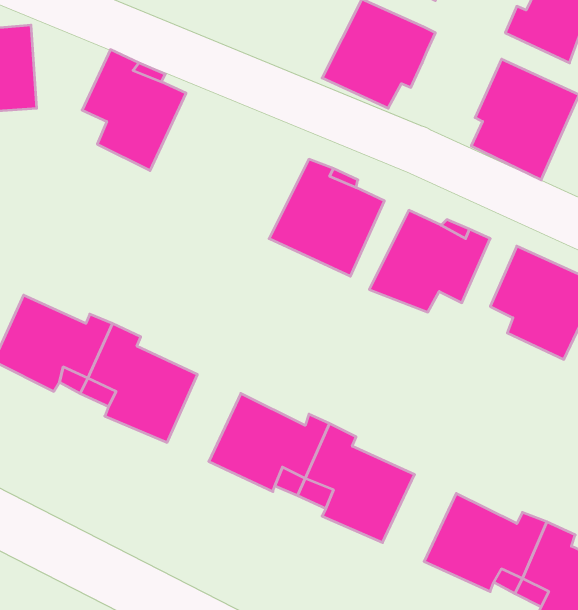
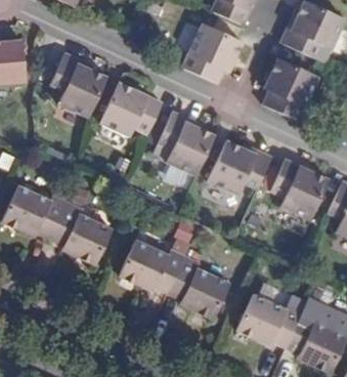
building: none -> [100,81,162,137]

